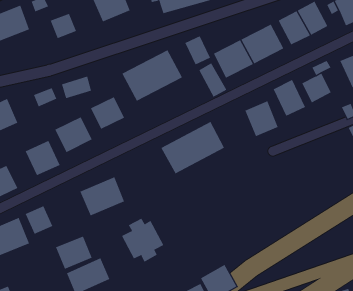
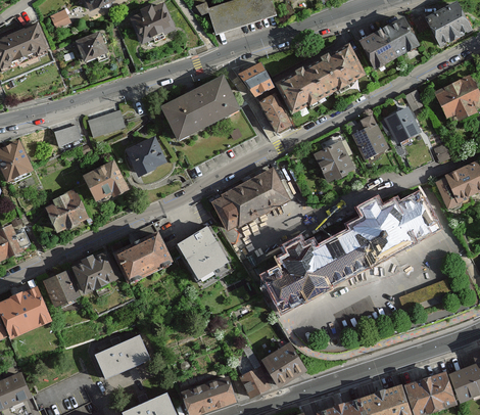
building: none -> [259,189,438,309]
building: [121,218,164,262] -> [180,230,233,285]
building: [55,236,92,270] -> [69,251,115,293]

